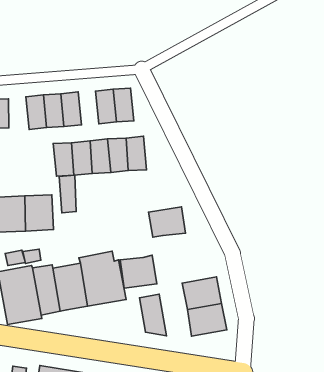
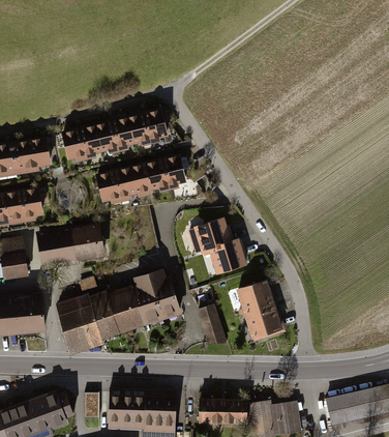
building: none -> [112,118,136,152]
building: [59,175,76,213] -> none
building: [120,255,157,288] -> [211,240,249,275]

